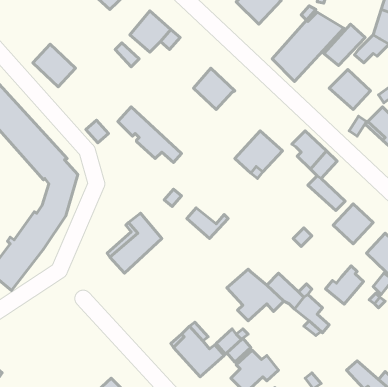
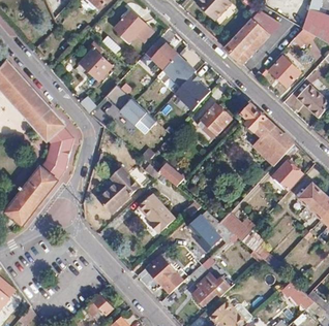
building: [33,44,75,87] -> [79,47,112,80]
building: none -> [145,36,177,75]
building: none -> [175,72,210,110]
building: none -> [263,126,294,157]
building: none -> [138,193,175,233]
building: [326,266,364,304] -> none

